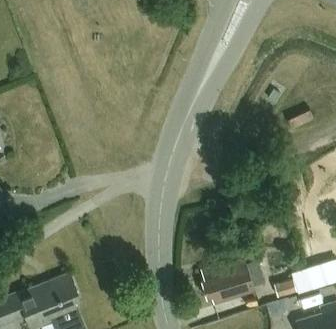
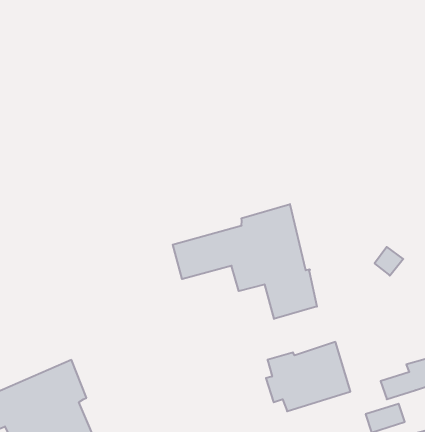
building: none -> [173,204,317,319]

